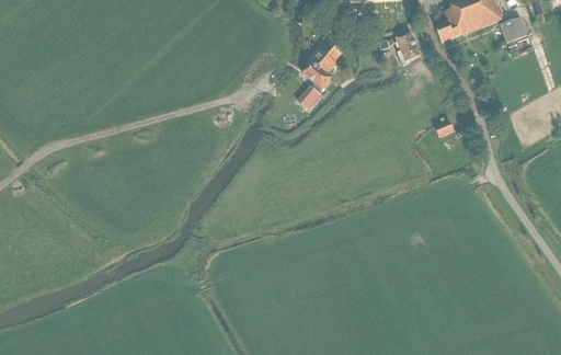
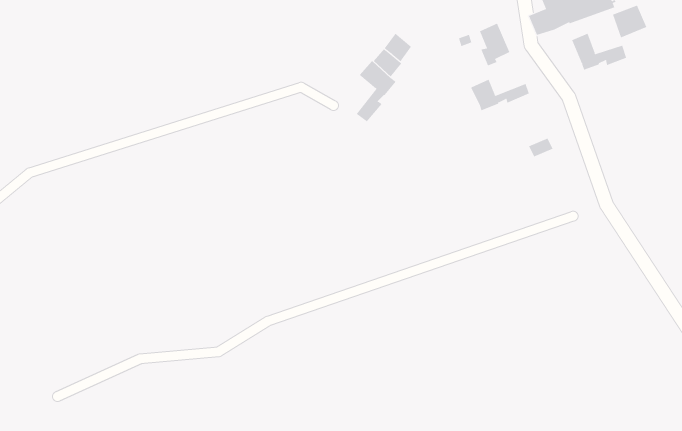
building: none -> [572,33,627,70]
building: none -> [471,79,529,111]

